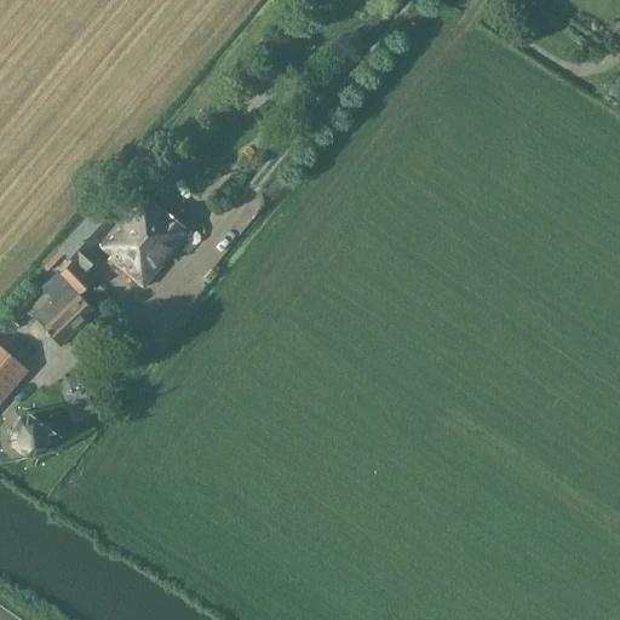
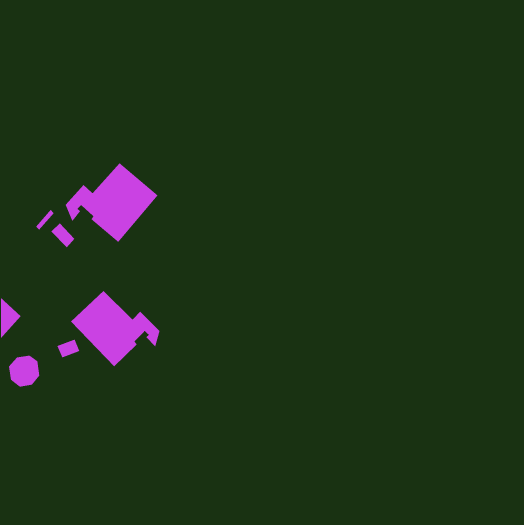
building: [34,286,96,346] -> none
building: none -> [70,290,160,367]

